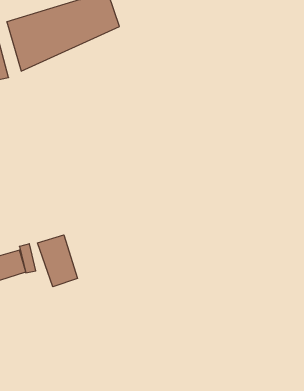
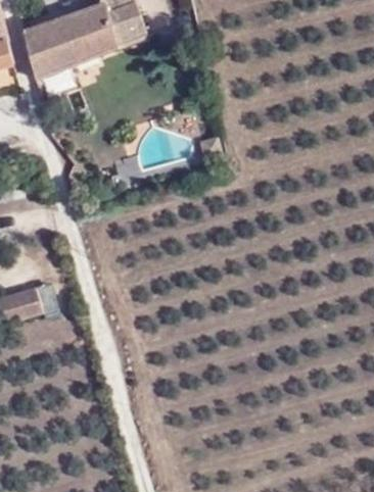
building: [38,235,77,287] -> none

